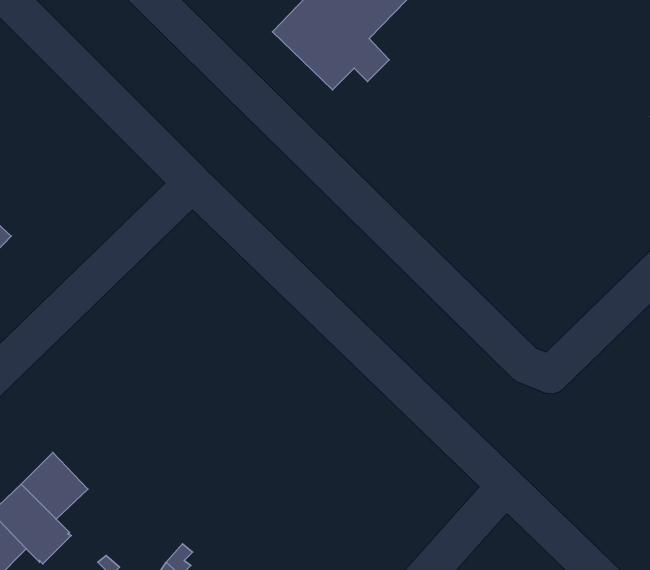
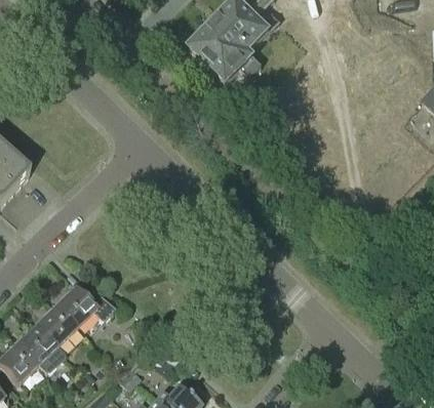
building: none -> [53,286,114,329]

